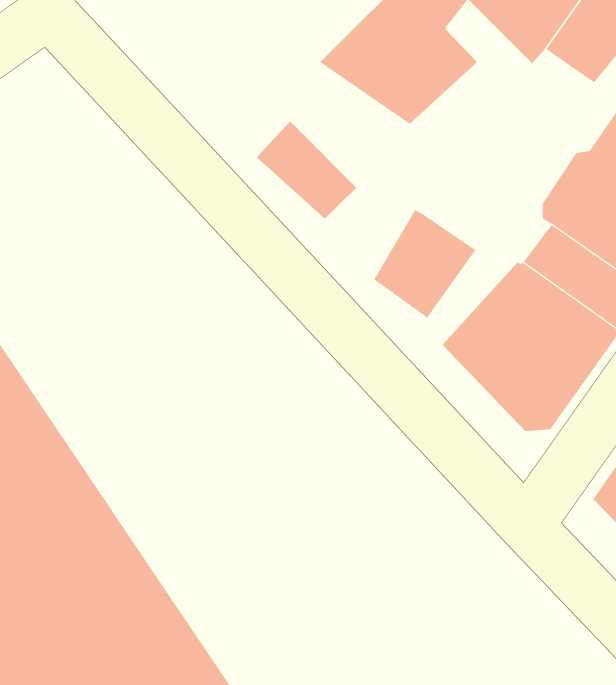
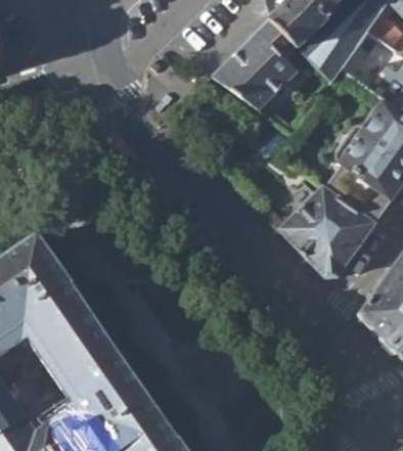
building: [256,121,357,220] -> none
building: [373,209,476,318] -> none

